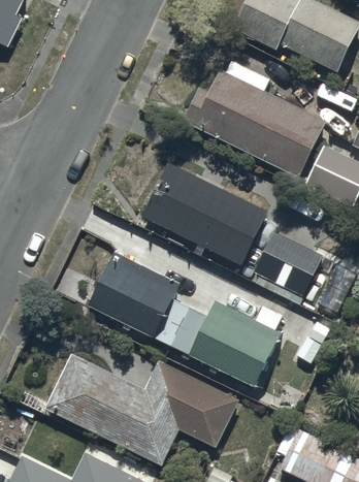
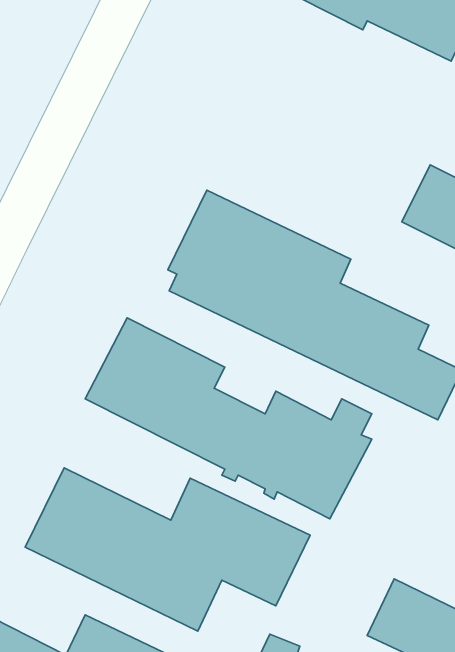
building: [182,57,327,178] -> none

